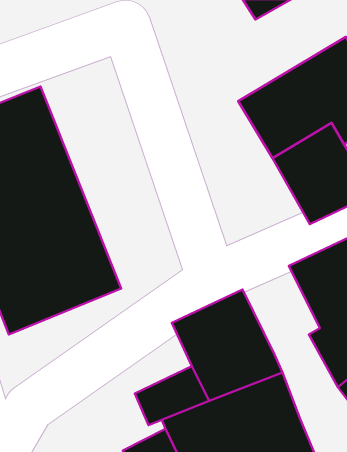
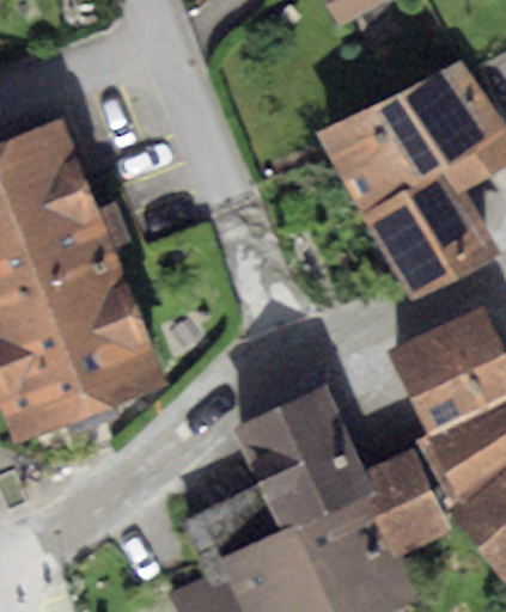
building: none -> [368,451,451,556]

